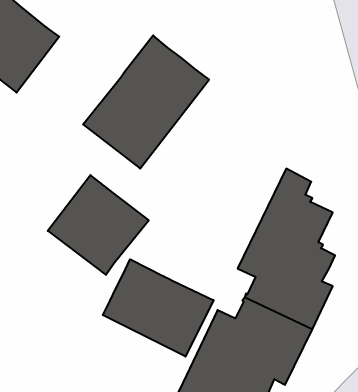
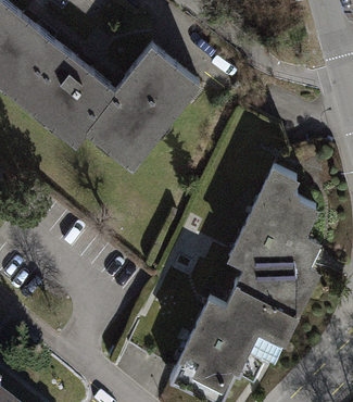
building: [48,175,149,275] -> [26,45,118,136]
building: [103,259,214,357] -> none

